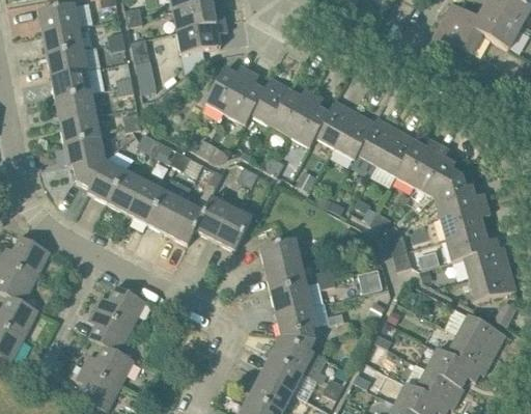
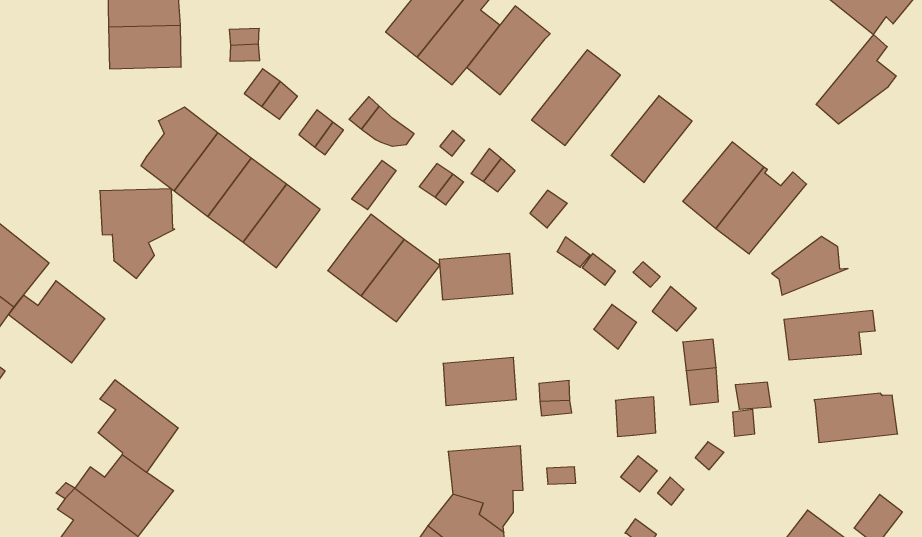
building: [271,88,312,135] -> none
building: [314,101,354,146] -> none
building: [356,117,396,164] -> none
building: [64,138,107,188] -> [100,189,175,278]
building: [415,144,454,194] -> [816,34,896,124]
building: [436,185,484,217] -> none
building: [169,200,206,245] -> none
building: [445,228,496,259] -> none
building: [259,240,301,270] -> [439,253,513,300]
building: [468,267,514,301] -> none
building: [270,282,311,312] -> none
building: [94,285,145,327] -> [8,281,105,363]

